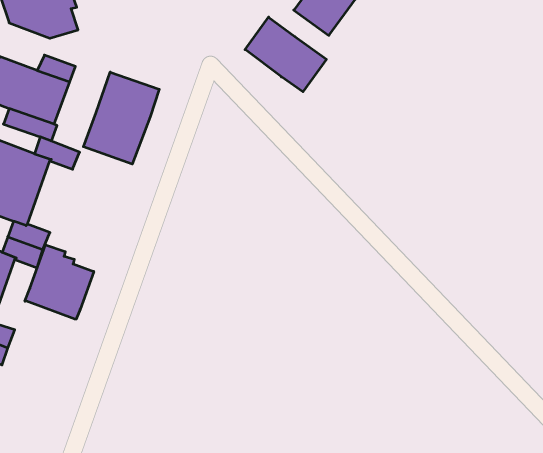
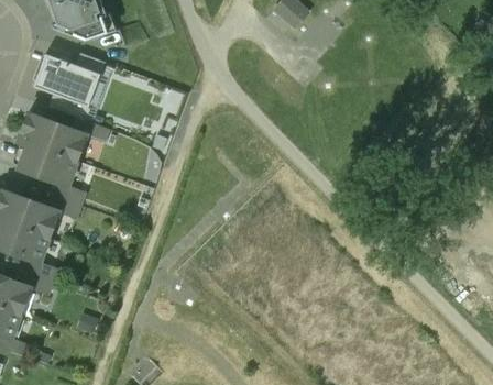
building: [245,17,326,92] -> none
building: [83,72,159,164] -> none
building: [25,245,94,319] -> none

